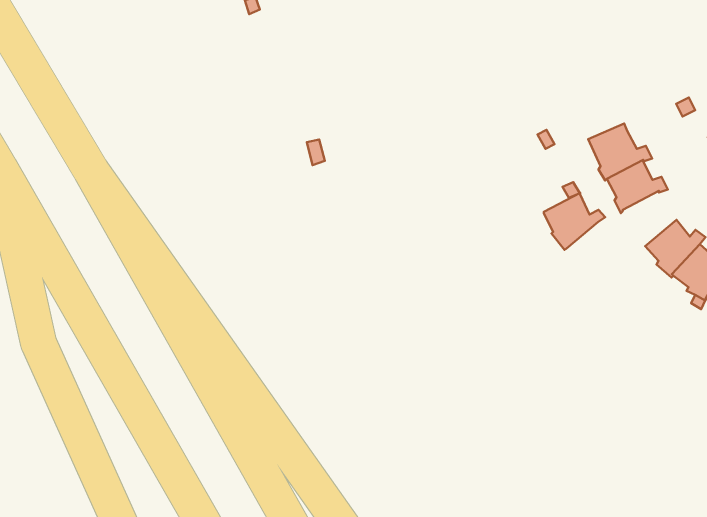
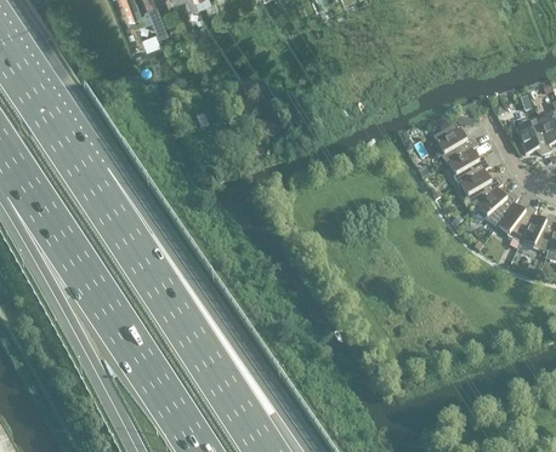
building: [544,193,605,250] -> [460,171,503,211]

